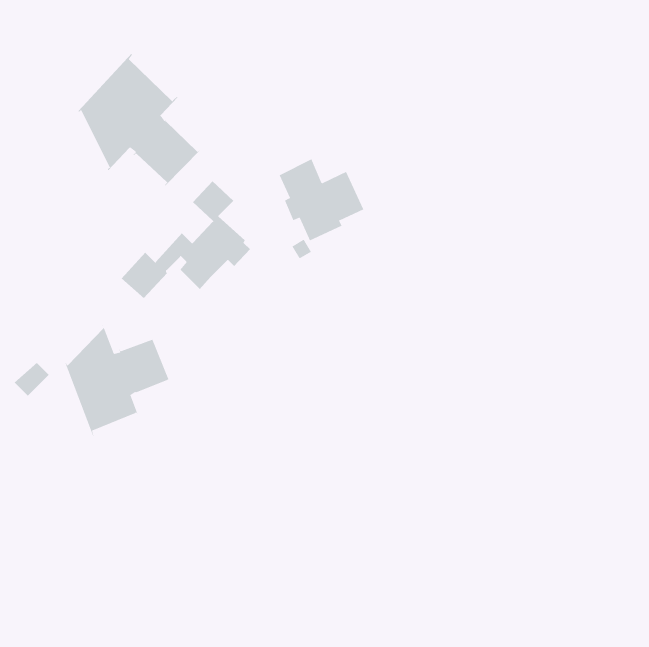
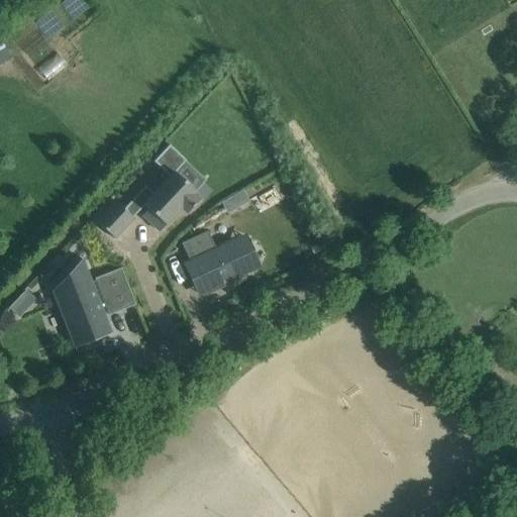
building: [78,53,201,186] -> none
building: [279,159,364,241] -> [182,229,249,295]

